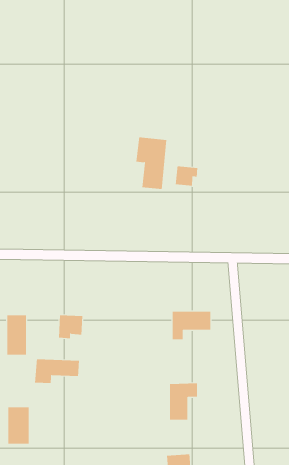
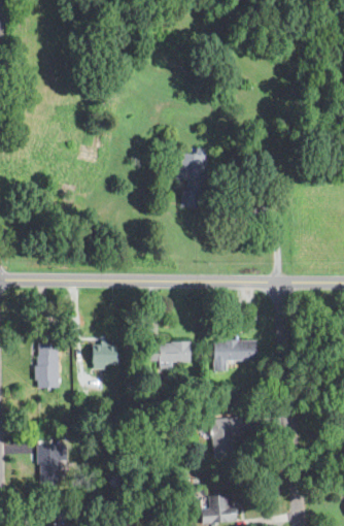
building: [175,165,198,186] -> none
building: none -> [145,341,191,361]
building: [34,359,79,384] -> none

